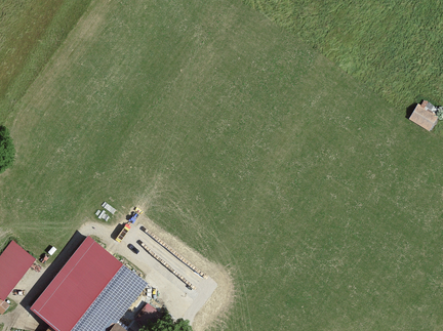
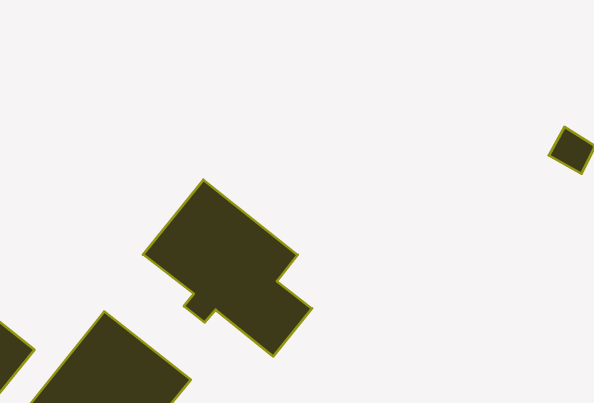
building: none -> [143,180,312,356]

